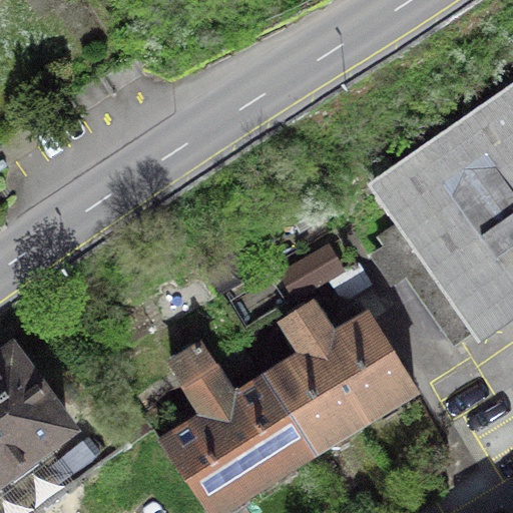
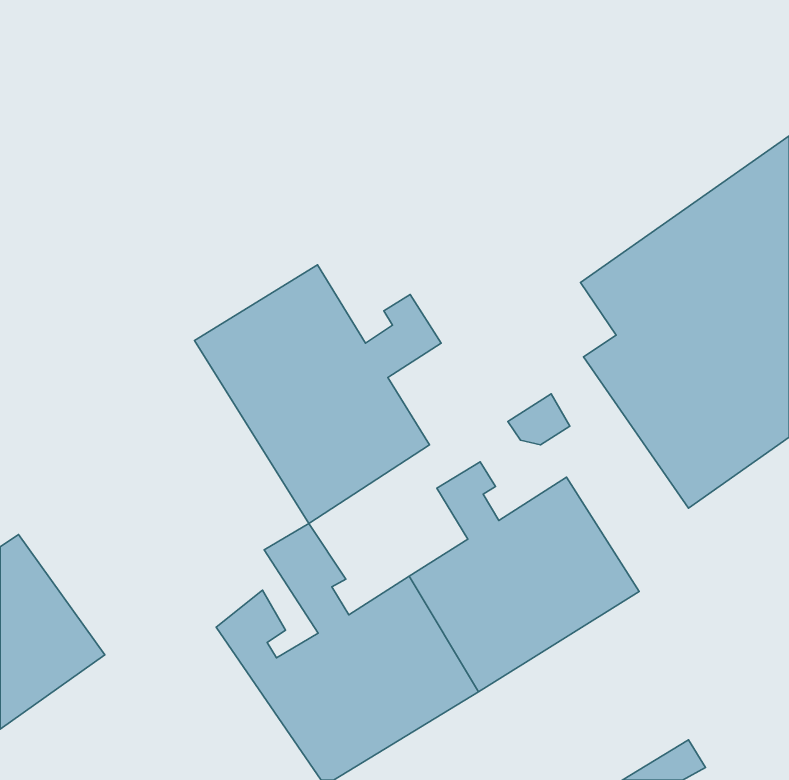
building: none -> [194,265,441,524]

